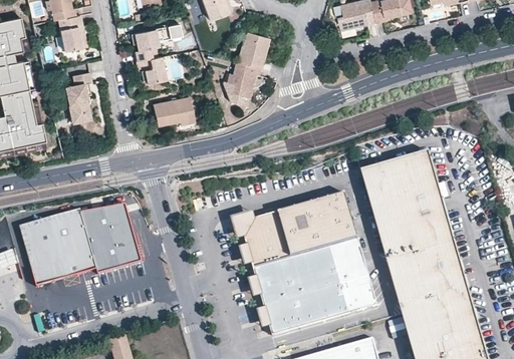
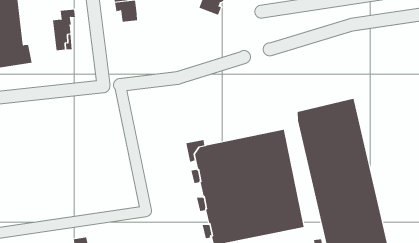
building: [227,61,260,99] -> none
building: [155,98,196,126] -> none
building: [21,205,143,285] -> none

